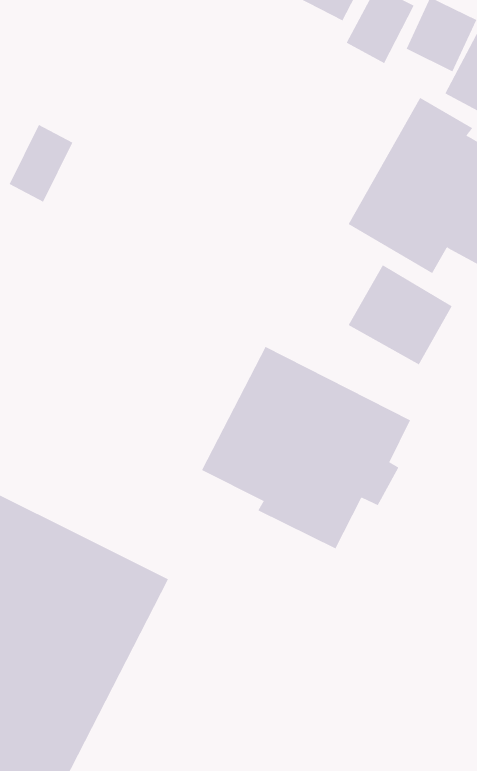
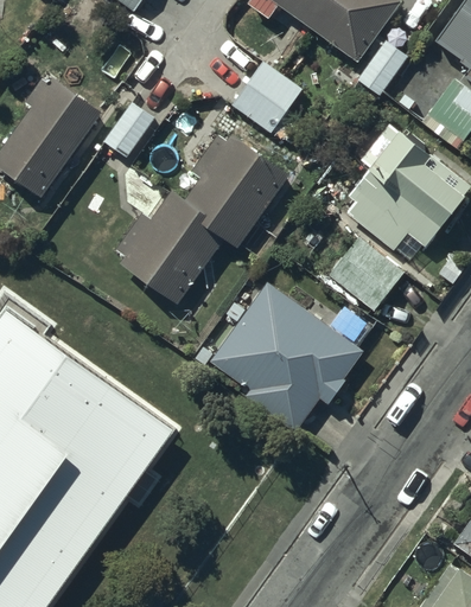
building: none -> [229,59,303,133]
building: none -> [116,132,288,302]

